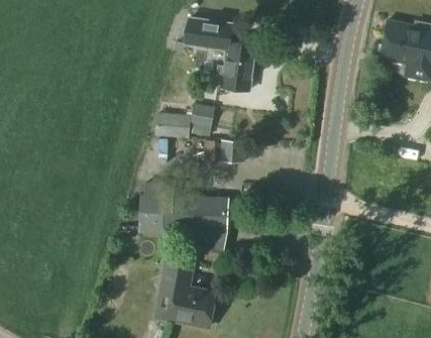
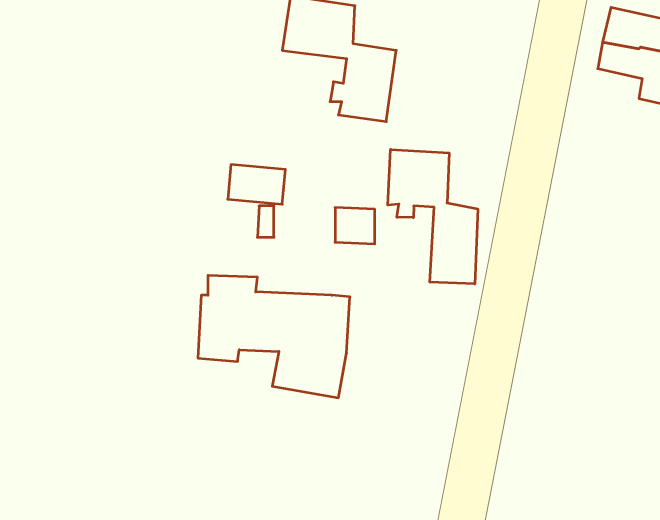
building: [189,102,215,139] -> none
building: none -> [388,149,478,284]
building: [155,253,215,328] -> none

